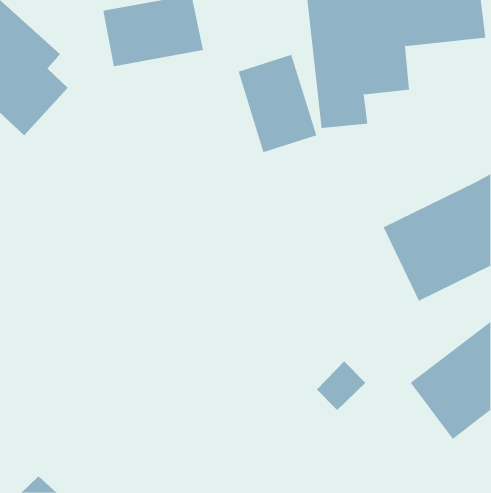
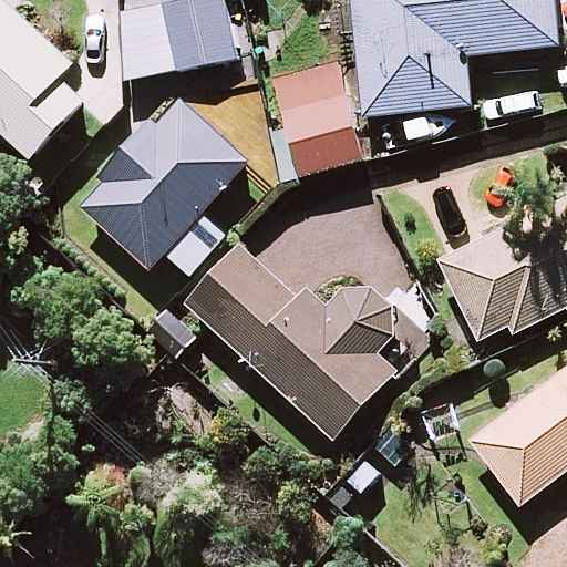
building: none -> [76,96,245,268]
building: none -> [184,244,401,437]

